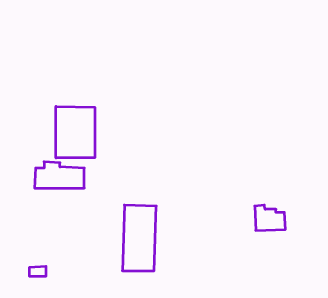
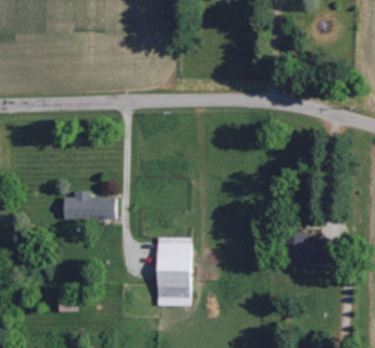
building: [56,106,95,158] -> none

